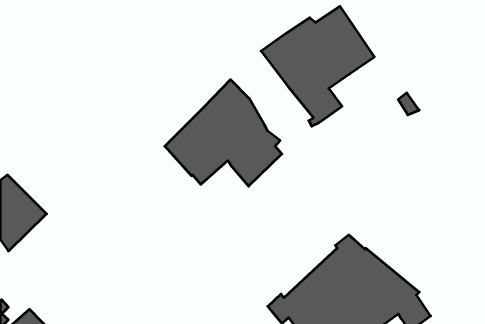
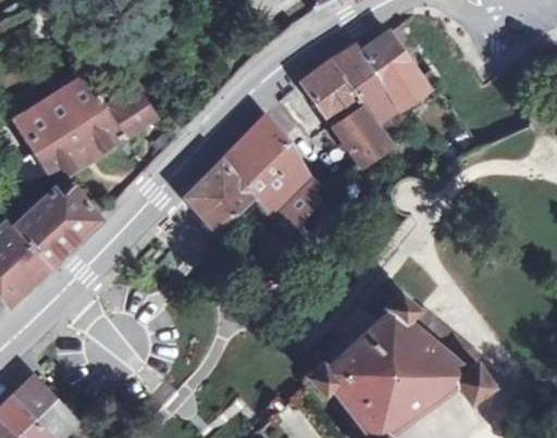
building: none -> [14,67,158,183]
building: none -> [12,182,99,265]

